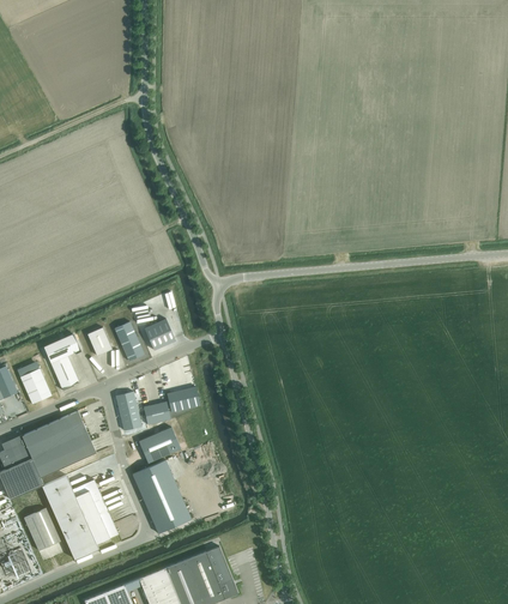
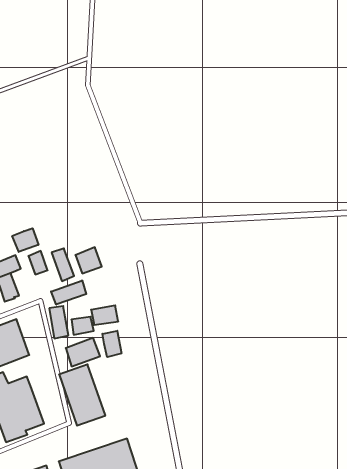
building: none -> [12,228,38,252]
building: none -> [51,280,86,305]
building: none -> [102,331,121,357]

